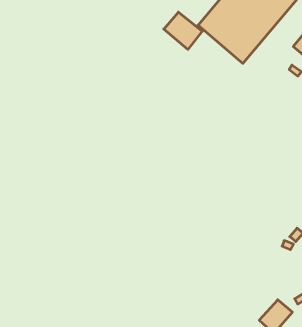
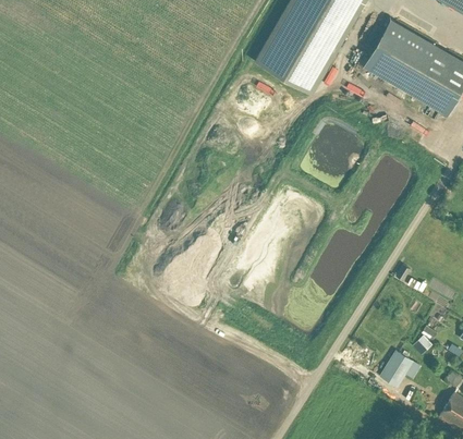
building: [164,12,202,49] -> none

